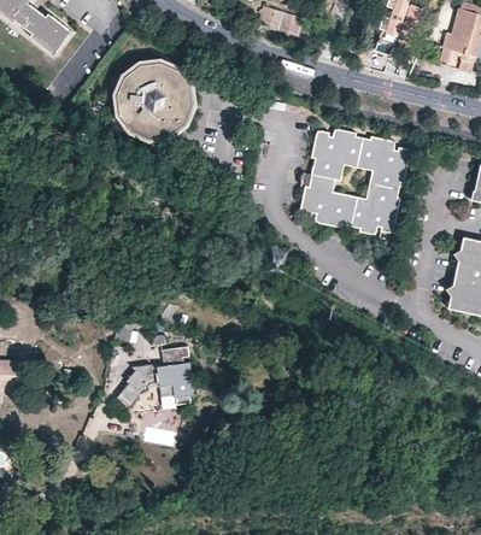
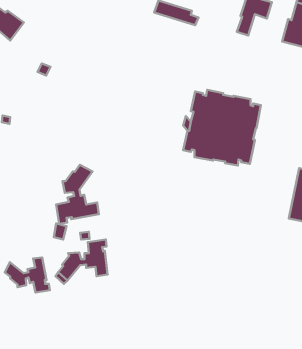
building: [115,60,190,136] -> none
building: none -> [56,165,99,224]
building: none -> [5,257,50,292]

